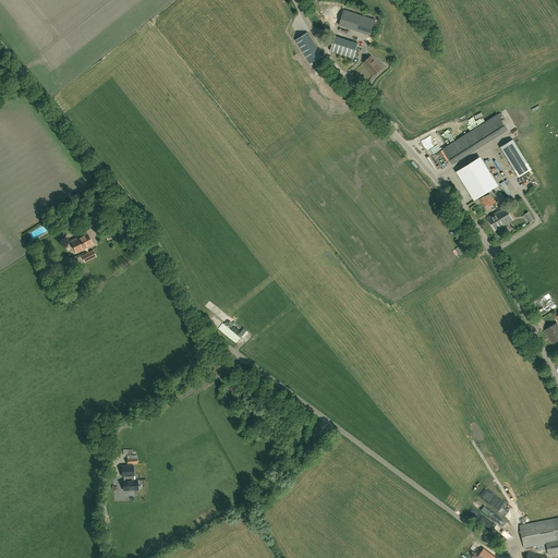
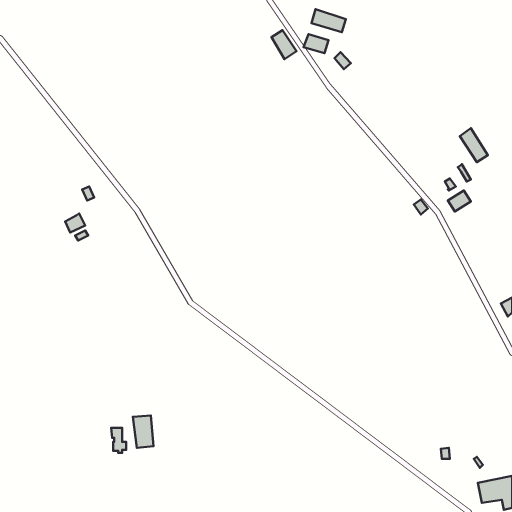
building: [441,117,509,163] -> none
building: [457,158,496,199] -> none
building: none -> [133,415,154,448]

